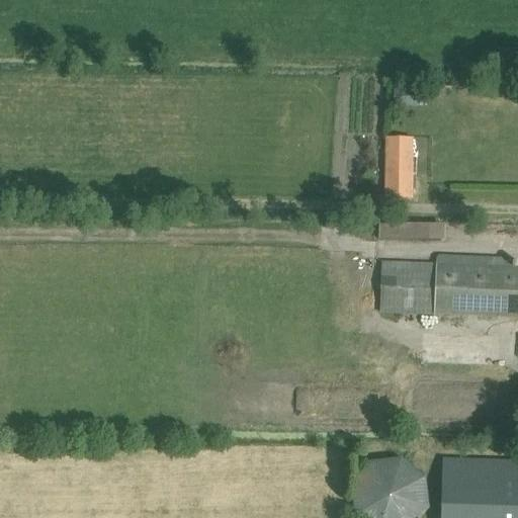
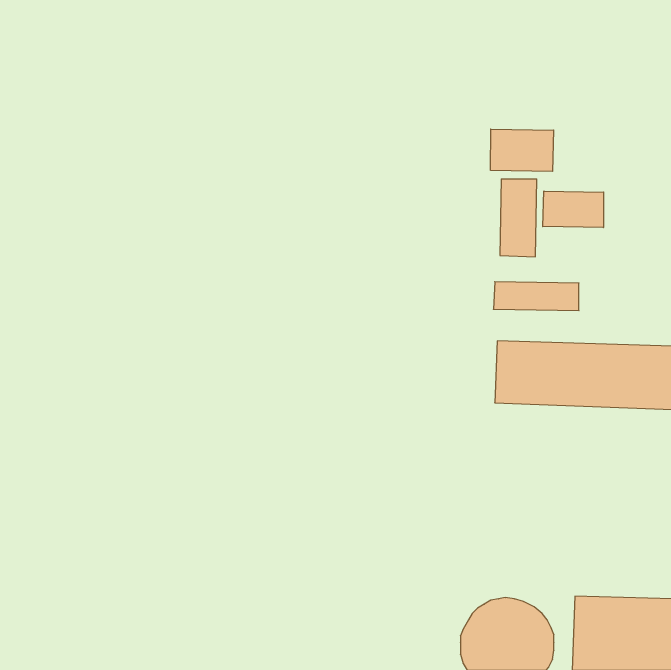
building: none -> [491,129,554,171]
building: none -> [543,191,604,228]

